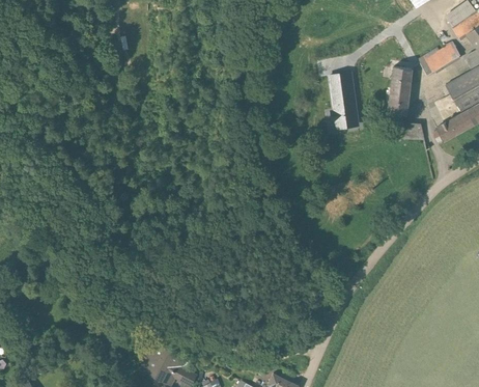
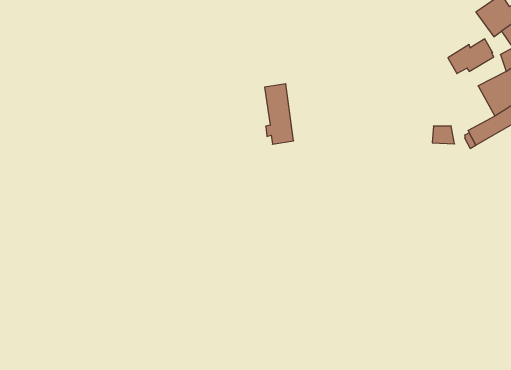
building: [389,68,412,114] -> none
building: [331,71,358,127] -> [265,84,294,144]

